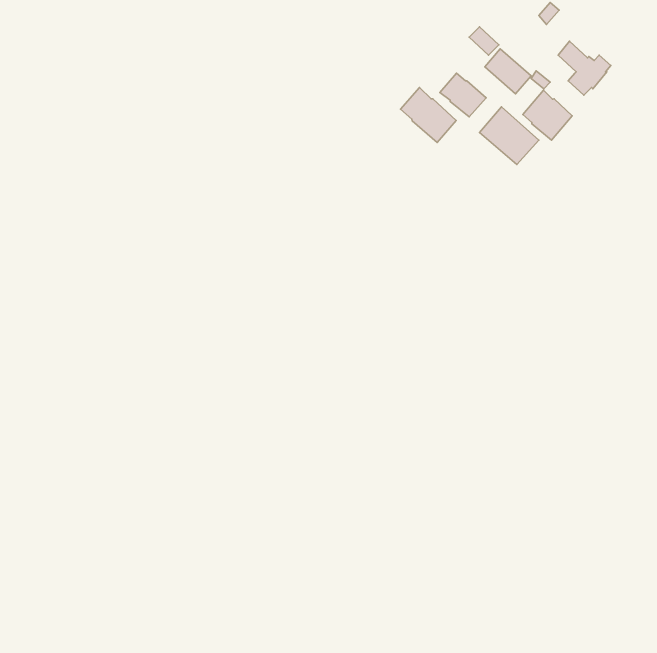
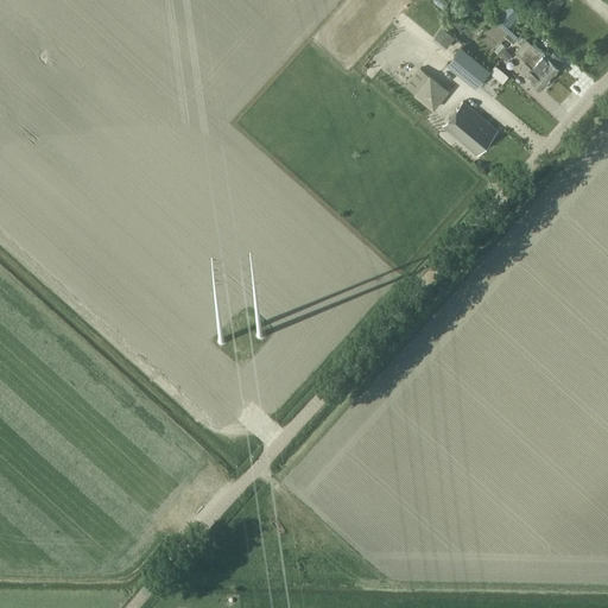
building: [400,87,456,142] -> none
building: [523,90,572,140] -> none

